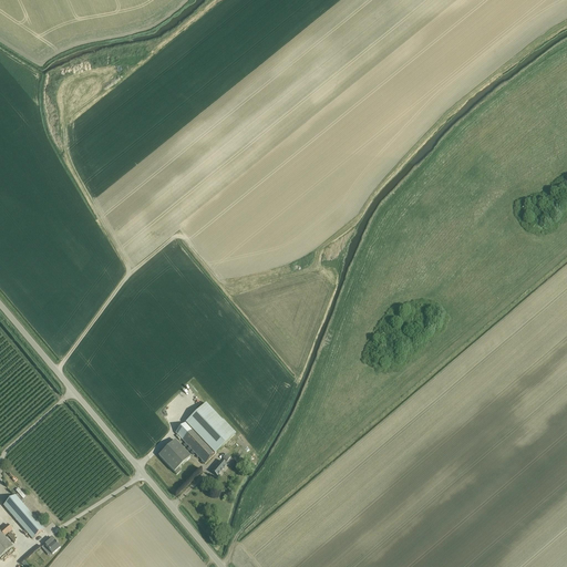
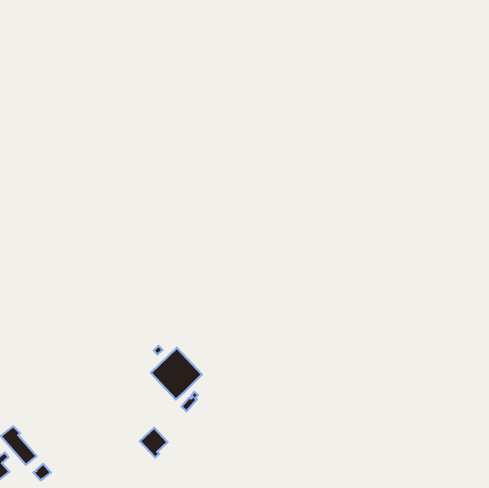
building: [156,437,188,472] -> [140,428,168,458]

